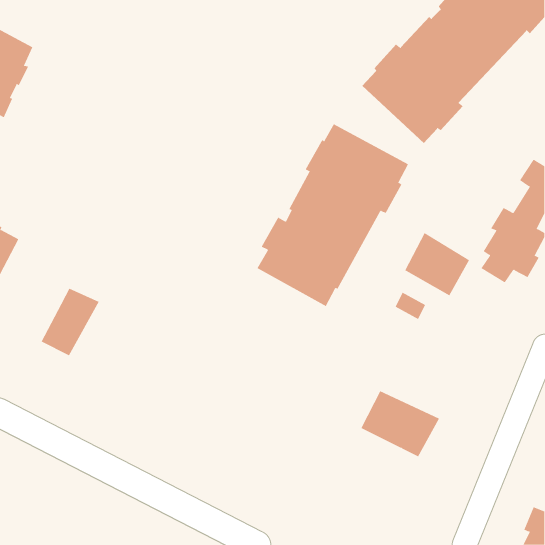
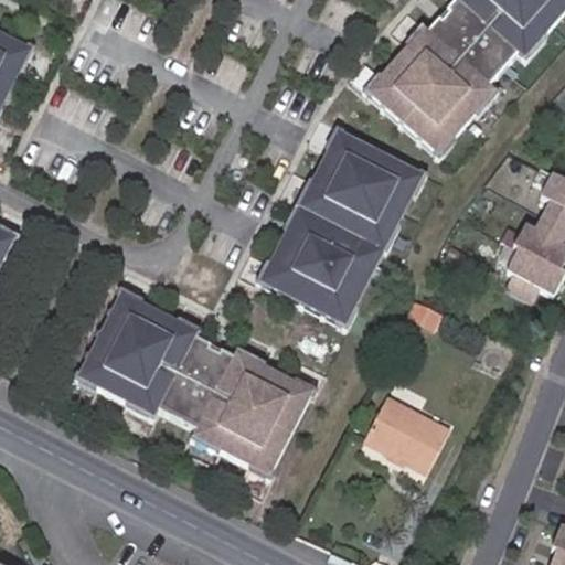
building: [405,232,470,296] -> none
building: [41,288,99,356] -> none
building: none -> [86,302,315,478]

